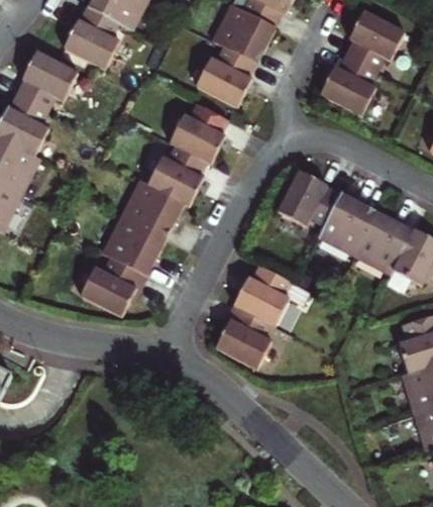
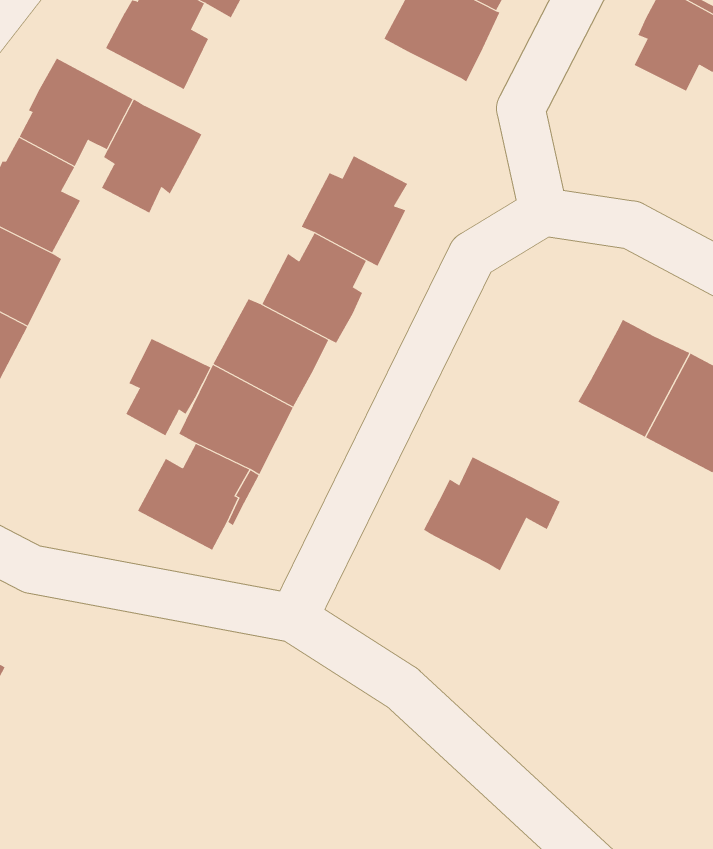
building: [198,47,254,106] -> none
building: [321,55,375,114] -> none
building: none -> [101,98,202,213]
building: [278,170,339,224] -> none
building: none -> [126,338,211,436]
building: [215,307,270,369] -> none

